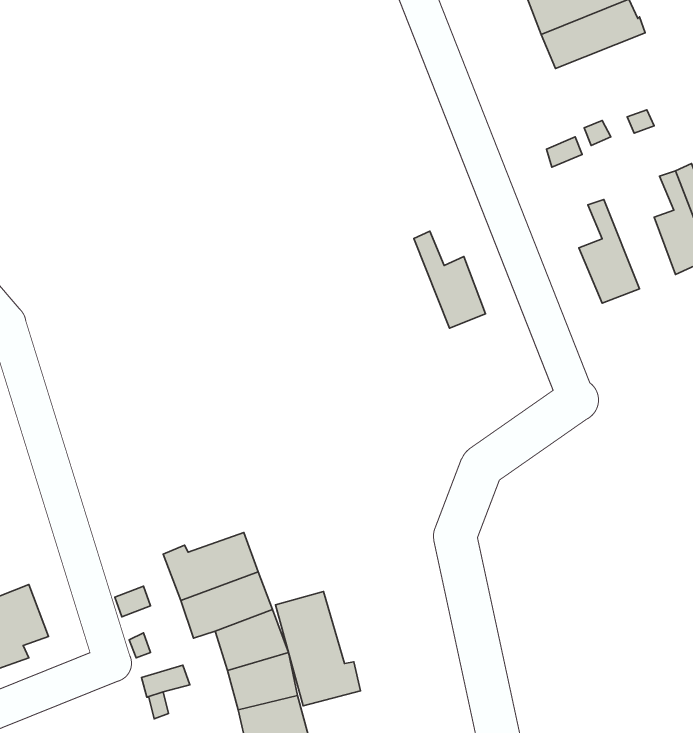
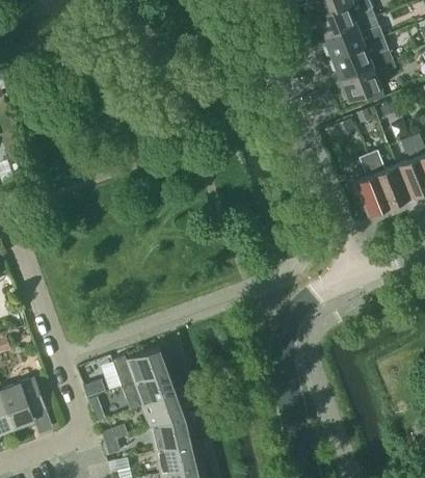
building: none -> [340,58,396,103]
building: [414,231,485,328] -> [368,151,409,207]
building: [275,591,361,706] -> none

